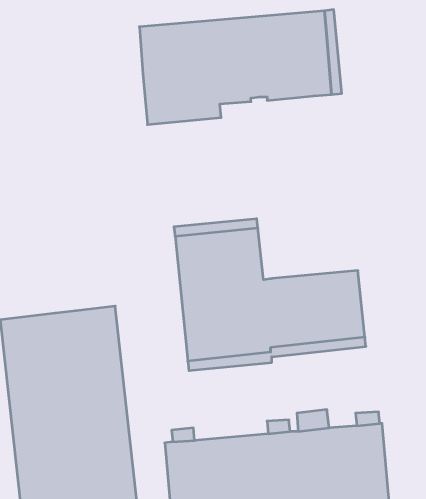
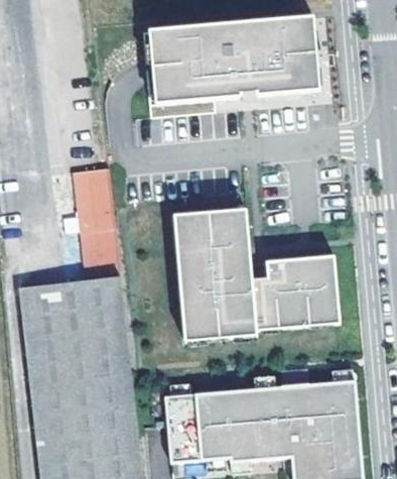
building: none -> [72,166,120,280]

